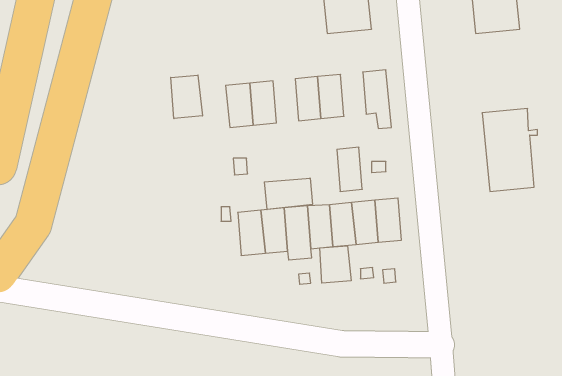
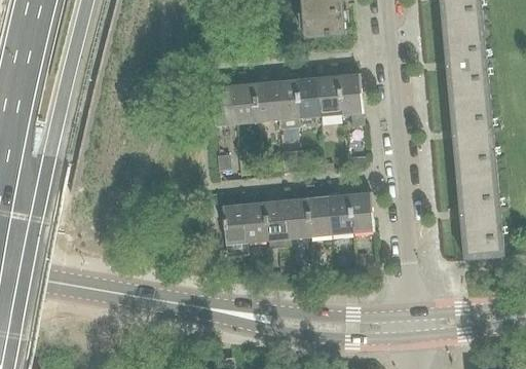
building: none -> [443,35,494,113]
building: [171,75,202,119] -> none
building: none -> [255,81,278,122]
building: [337,147,362,191] -> [317,75,341,116]
building: [264,178,313,210] -> none
building: none -> [456,182,508,260]
building: [320,246,351,283] -> none

